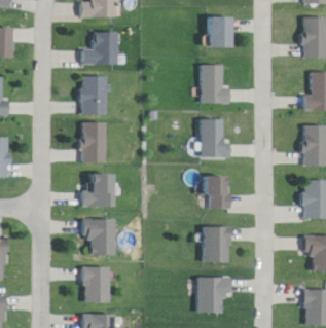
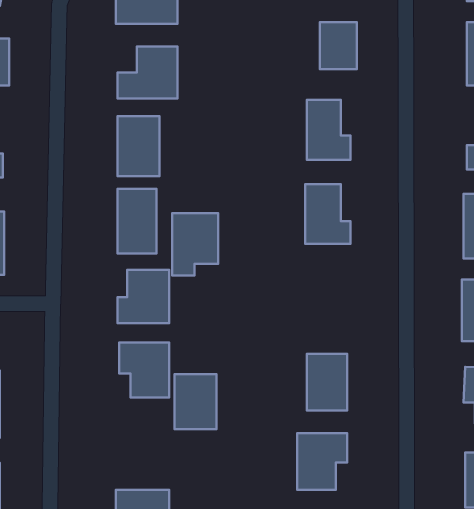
building: none -> [172,213,218,276]
building: [207,176,227,209] -> none
building: [82,267,109,302] -> [175,374,217,429]

